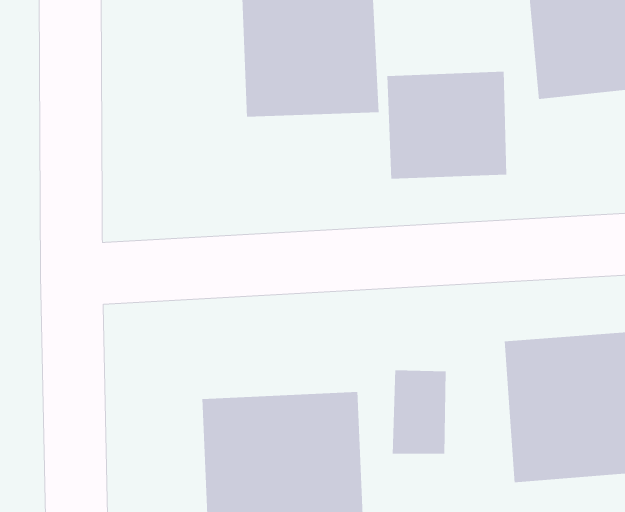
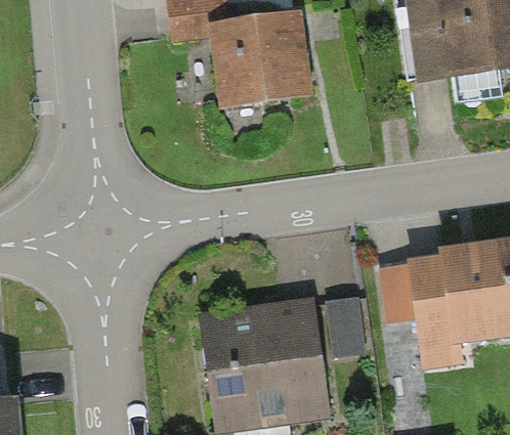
building: [386,71,507,180] -> none

